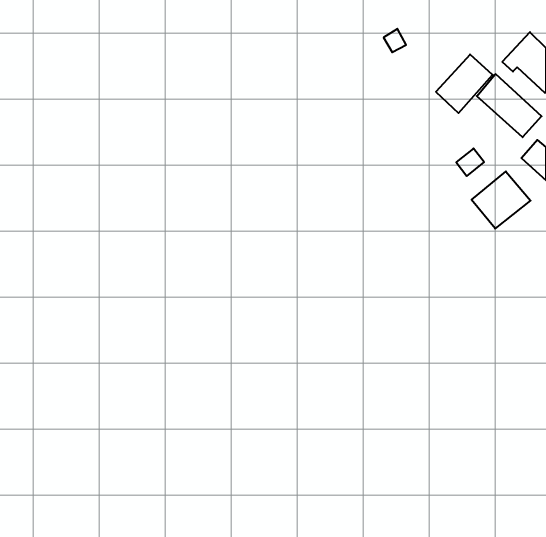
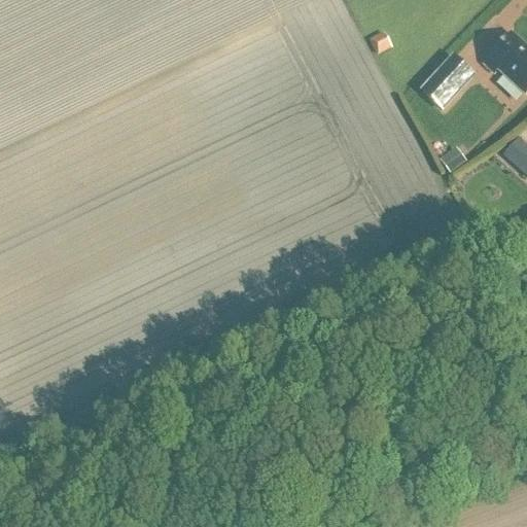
building: [477,74,542,137] -> none
building: [472,171,531,229] -> none

